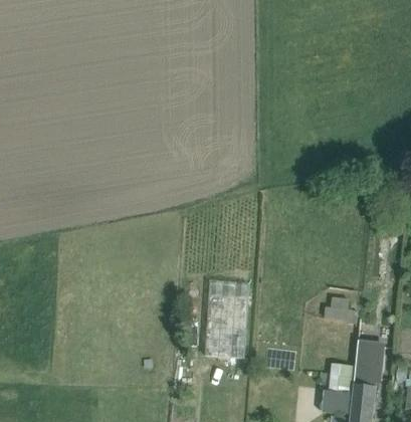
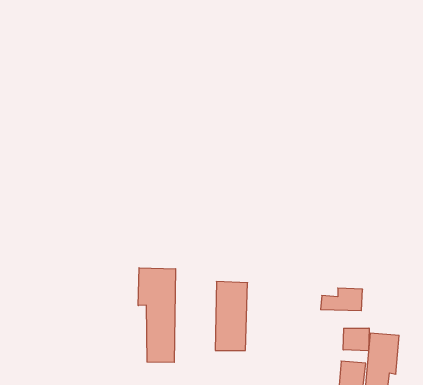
building: none -> [138,268,176,362]
building: none -> [343,328,369,351]

